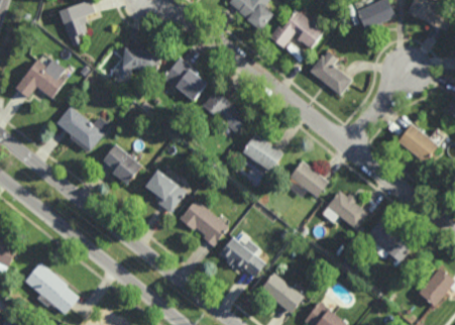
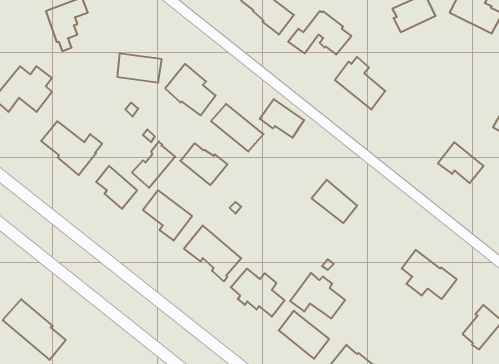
building: none -> [132,141,175,188]
building: none -> [180,143,227,185]
building: [242,135,280,169] -> [260,99,304,138]
building: [321,188,368,227] -> [290,273,345,319]

